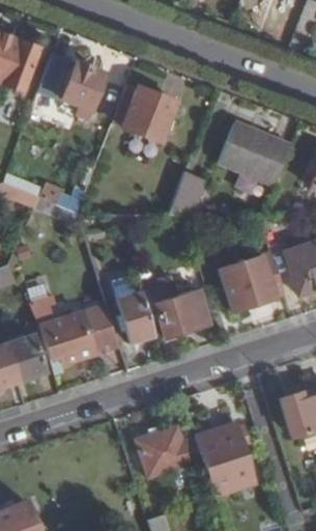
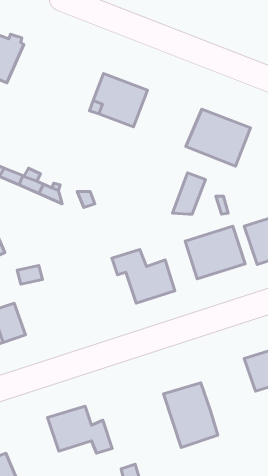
building: [37,53,105,118] -> none
building: [169,171,205,217] -> [173,173,205,214]
building: [116,290,154,343] -> none
building: [38,303,120,364] -> none
building: [134,422,205,474] -> [48,406,112,453]

